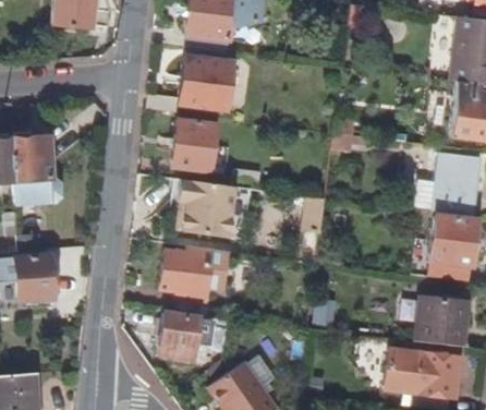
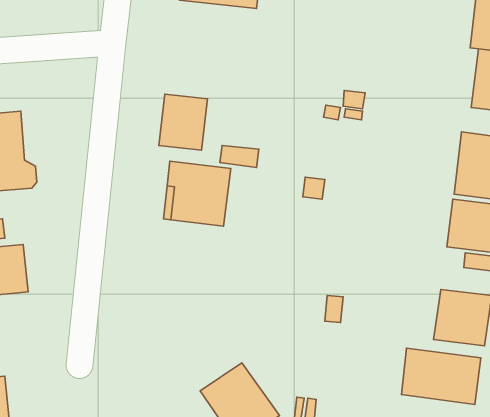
building: [147,57,232,112] -> none
building: [170,246,215,314] -> none
building: [158,314,197,358] -> none

